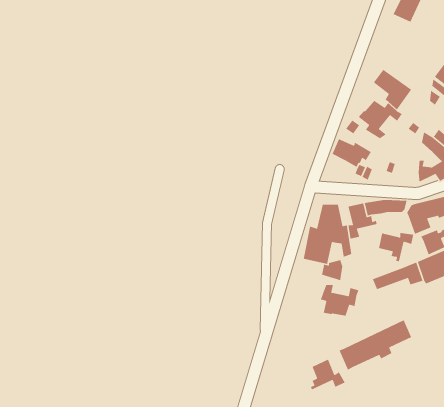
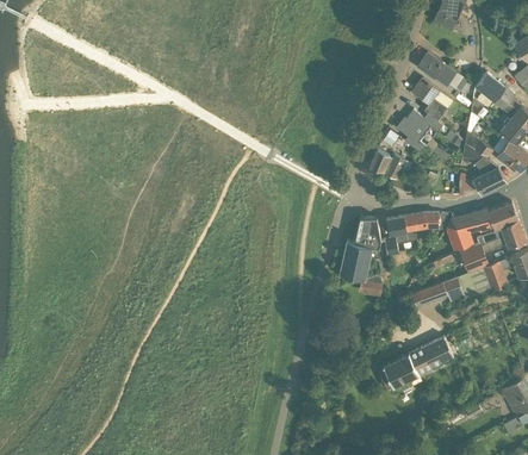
building: none -> [420,51,456,86]
building: [378,232,414,262] -> none
building: [320,284,359,317] -> none
building: [310,359,346,390] -> none

